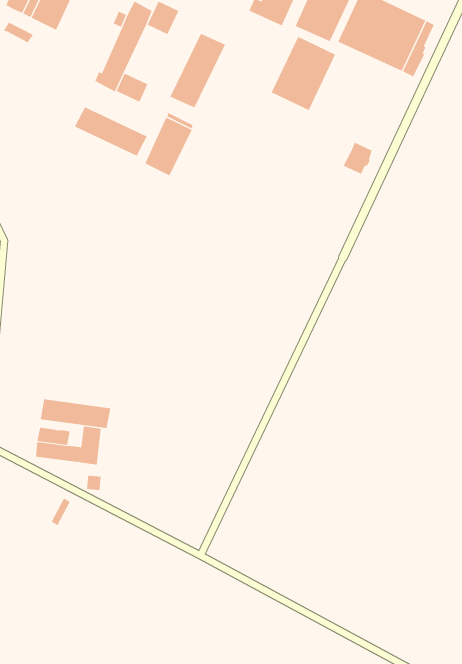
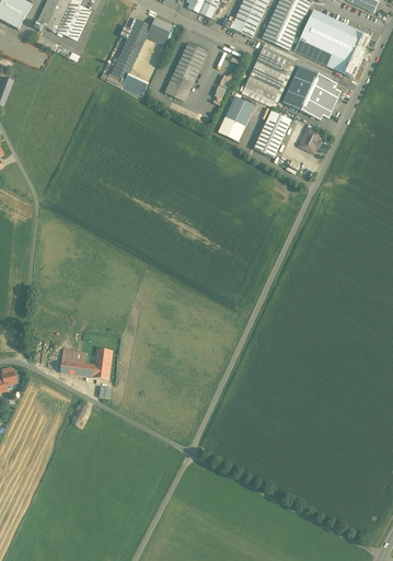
building: none -> [282,65,347,119]
building: [74,107,148,156] -> none
building: [145,117,193,176] -> [218,95,255,141]
building: none -> [253,110,291,158]
building: [40,399,111,429] -> none

